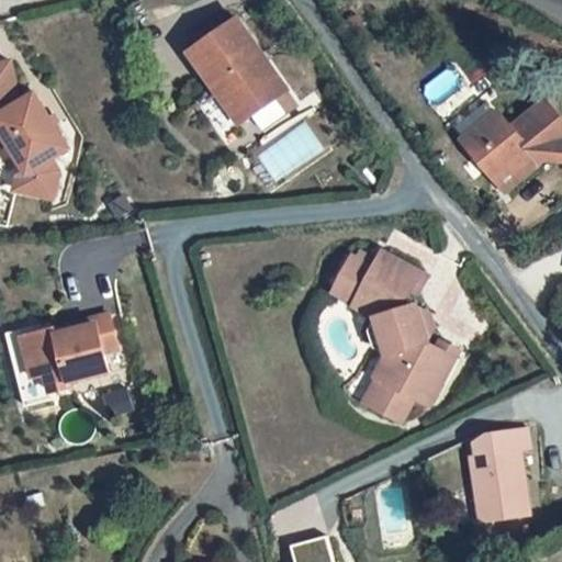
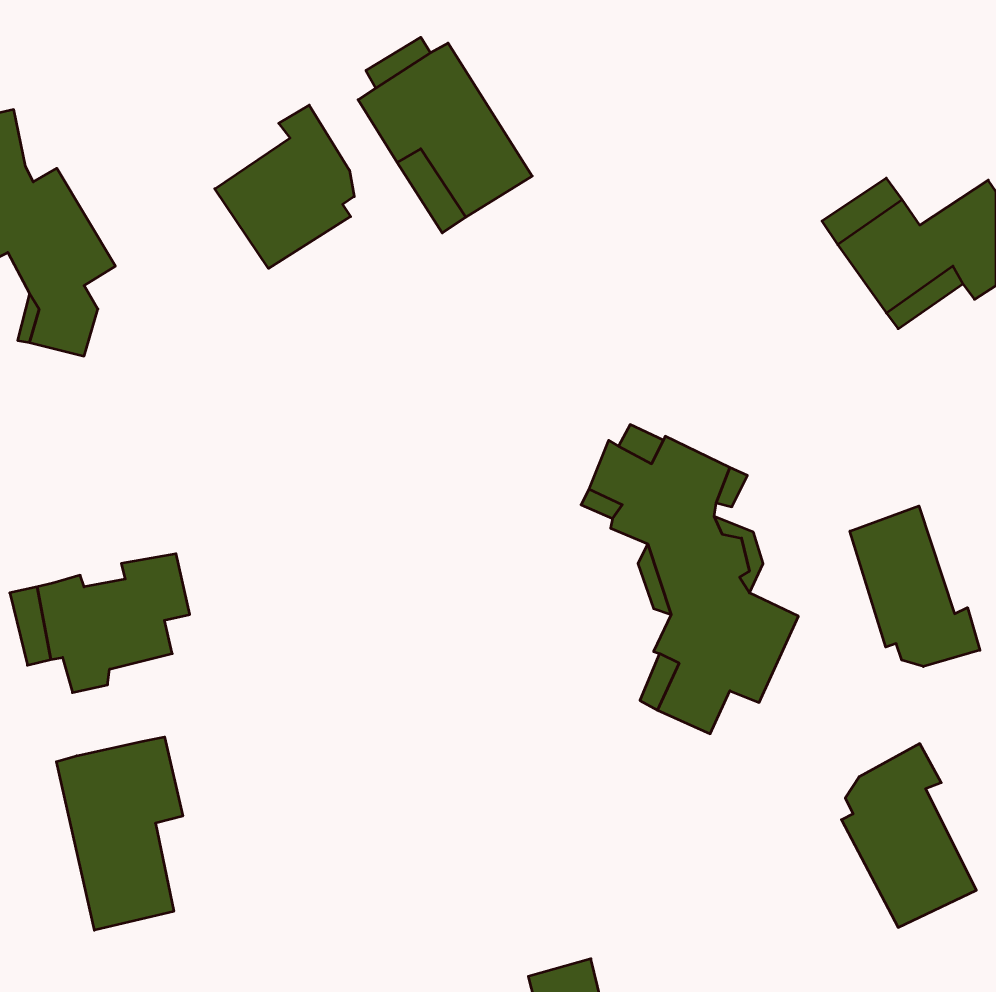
building: none -> [215,105,354,268]
building: none -> [850,506,980,667]
building: none -> [56,737,183,930]

